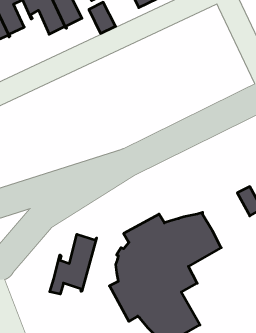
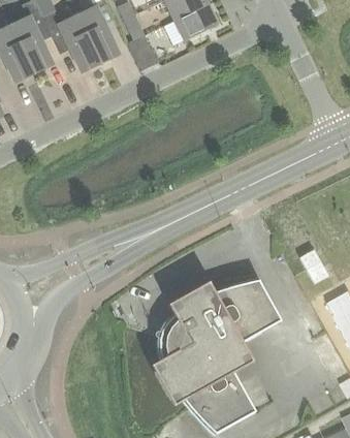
building: [50,234,97,294] -> none

